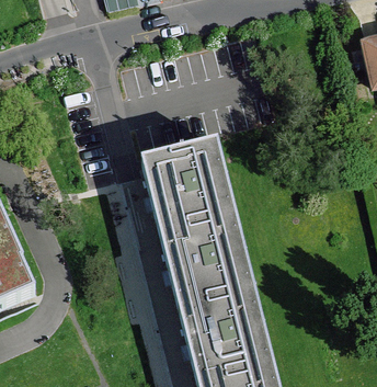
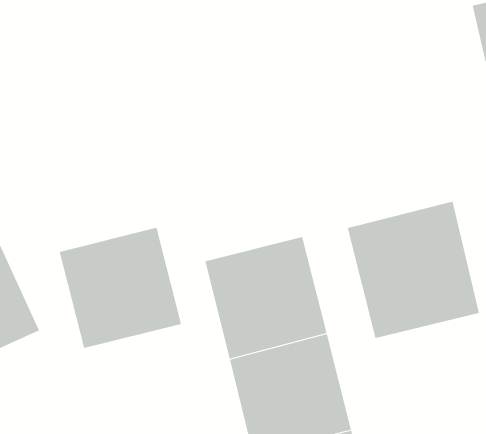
building: [141,137,235,229] -> [59,227,182,349]
building: none -> [347,201,479,339]

